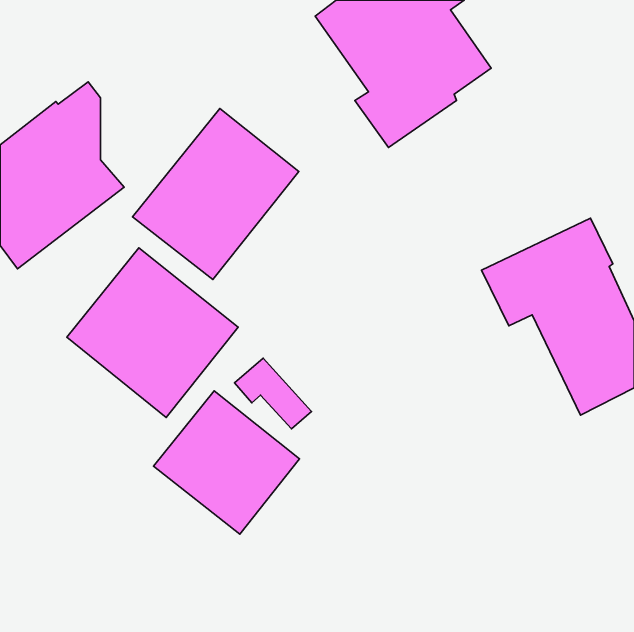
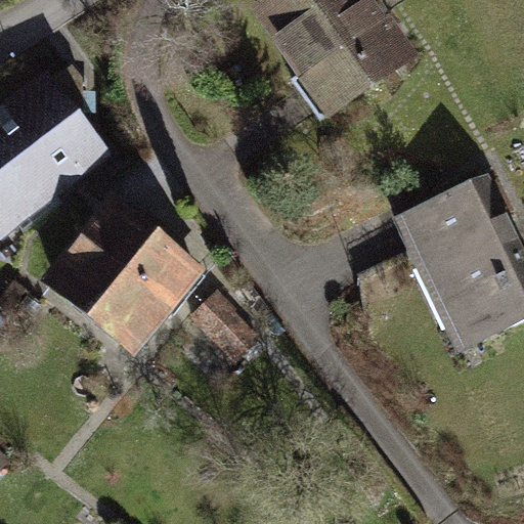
building: [133,108,299,280] -> none
building: [154,391,300,534] -> none

